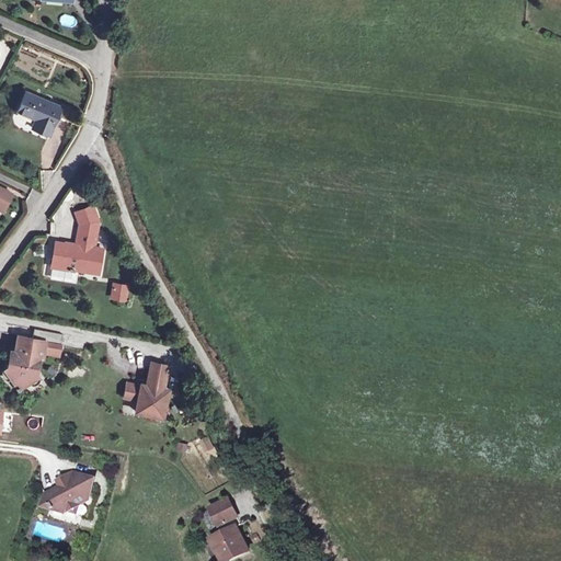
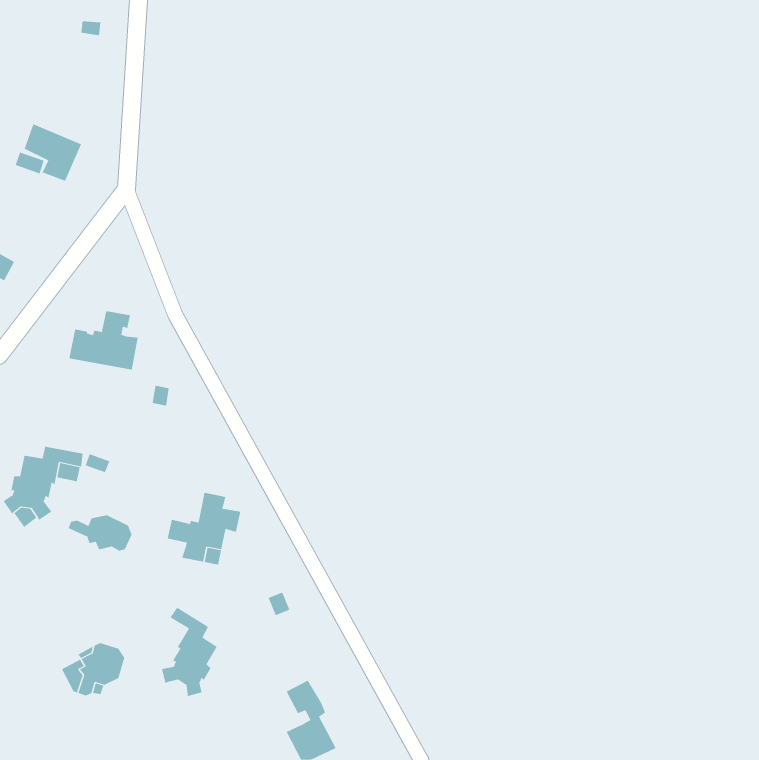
building: [75,206,99,232] -> none
building: none -> [68,514,132,551]
building: none -> [162,607,218,697]

